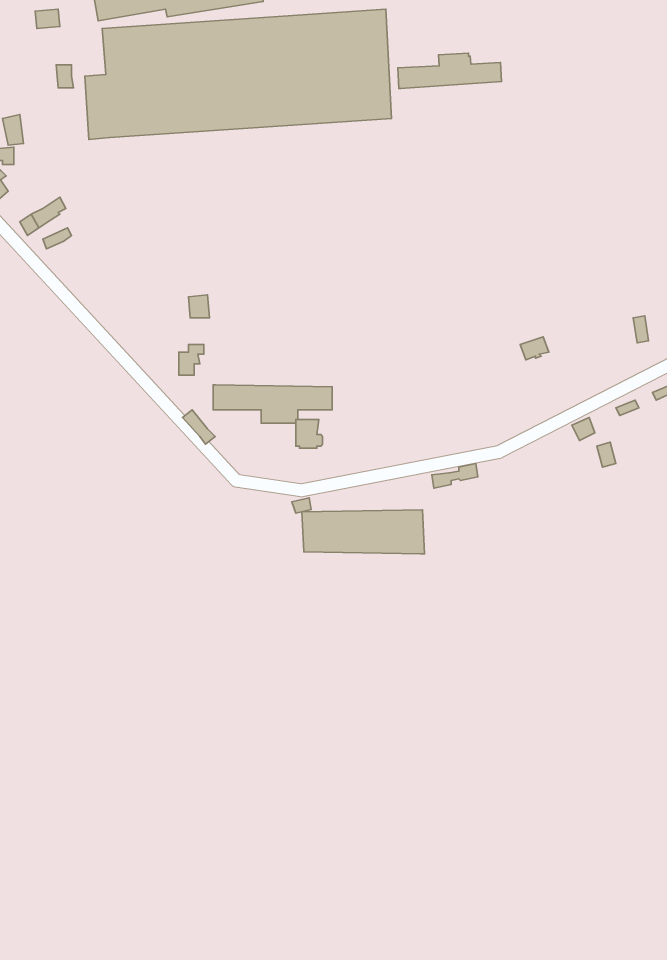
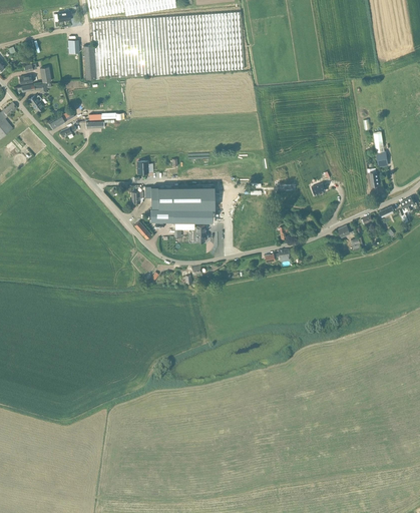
building: [398,53,502,89] -> none
building: [302,510,425,554] -> [150,185,215,208]

